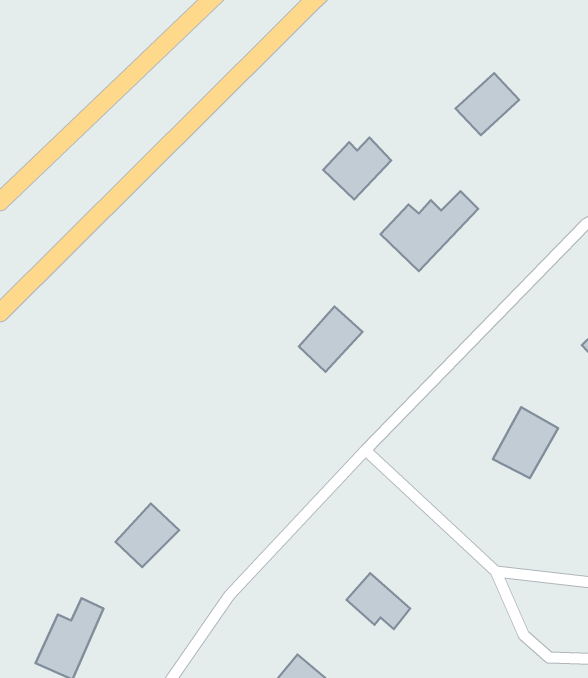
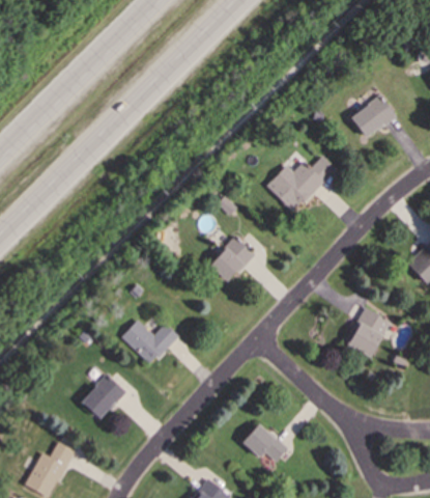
building: [456,73,519,135] -> [351,94,396,138]
building: [323,137,391,199] -> none
building: none -> [121,320,177,365]

